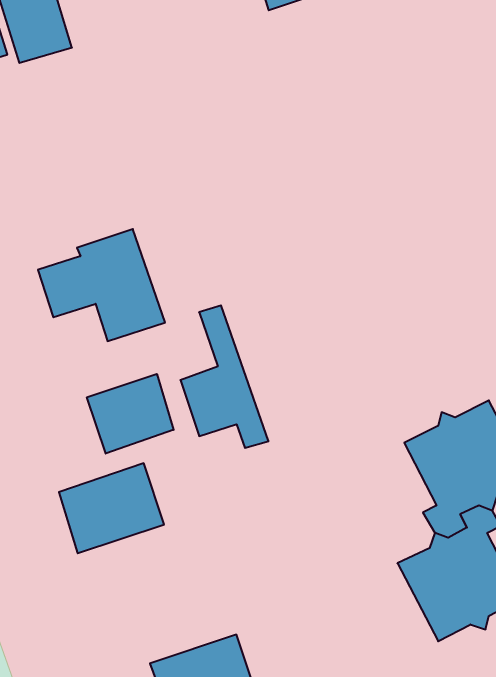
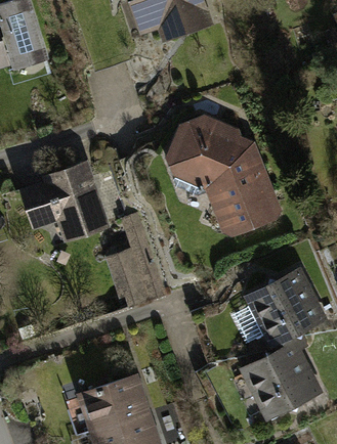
building: none -> [175,120,277,233]
building: [87,374,174,454] -> none
building: [59,463,164,553] -> [82,376,145,431]

